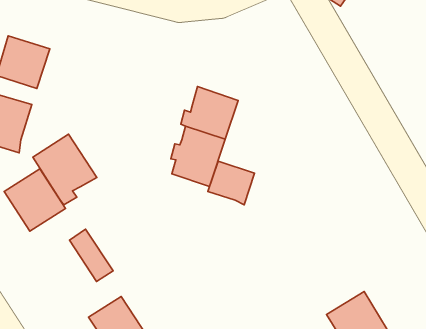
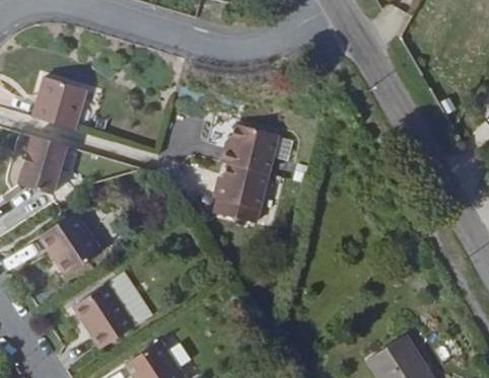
building: [33,134,97,205] -> none
building: [208,161,255,205] -> none
building: none -> [67,283,135,348]

